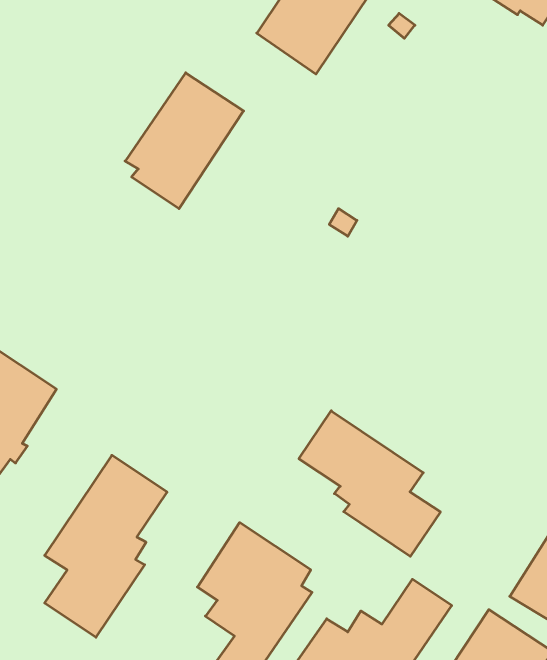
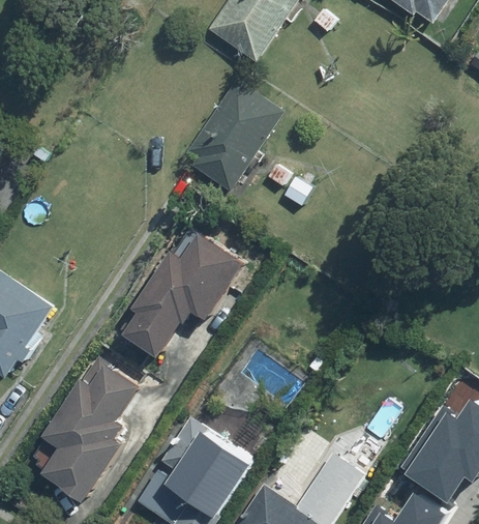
building: [125,73,244,209] -> [187,82,280,188]
building: none -> [124,234,241,356]
building: [299,411,440,556] -> none

